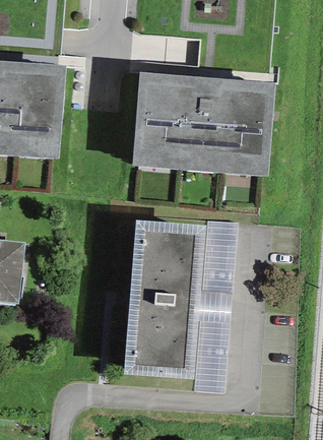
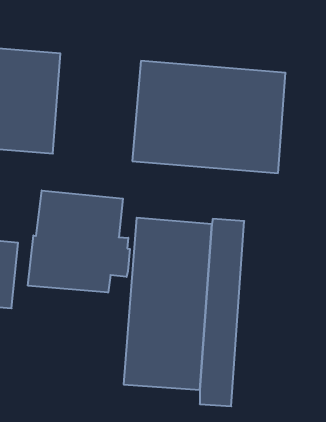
building: none -> [28,190,130,293]

